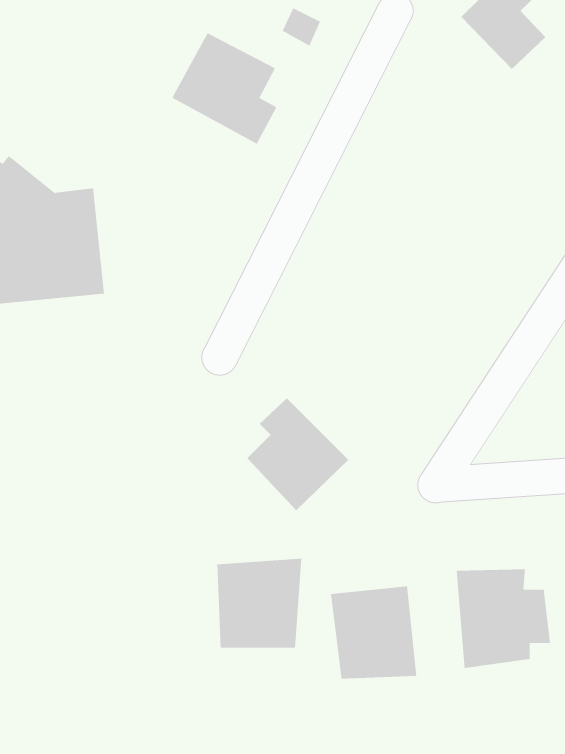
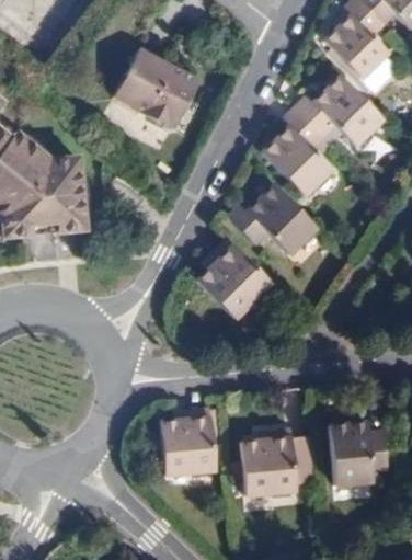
building: none -> [264,72,381,190]
building: none -> [231,182,320,253]
building: [247,398,349,511] -> [202,237,274,317]

